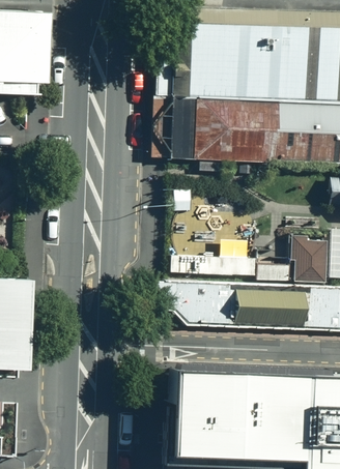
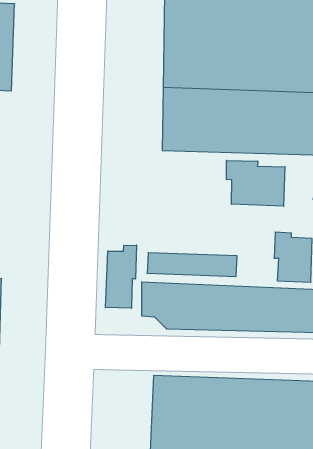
building: none -> [227,160,285,206]
building: none -> [105,245,137,308]

